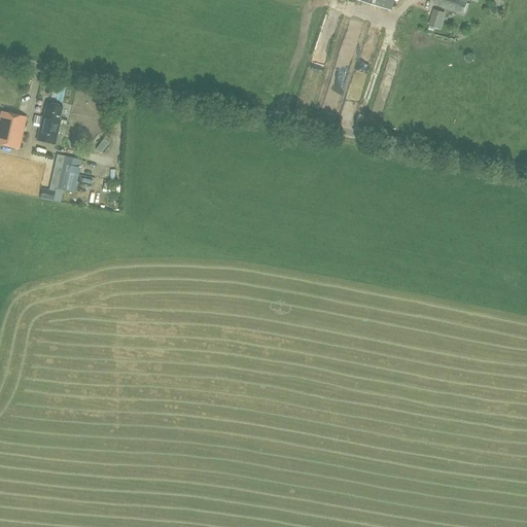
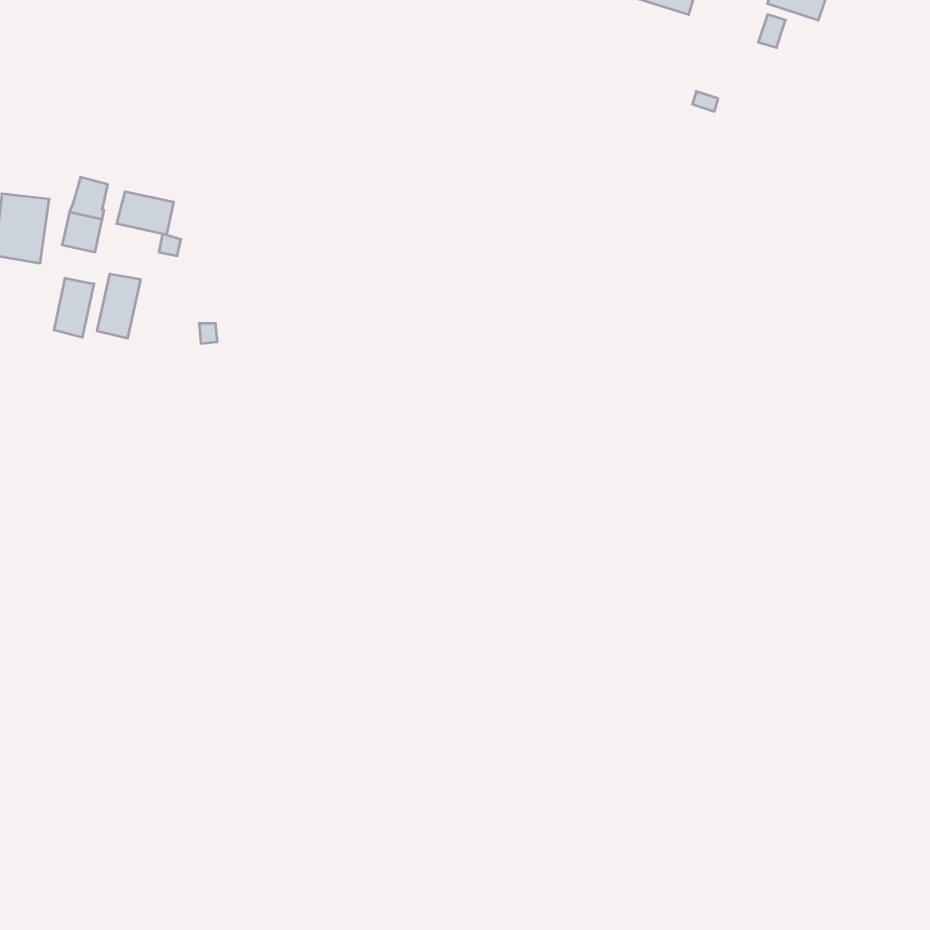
building: none -> [117,192,174,235]
building: none -> [54,278,94,337]

